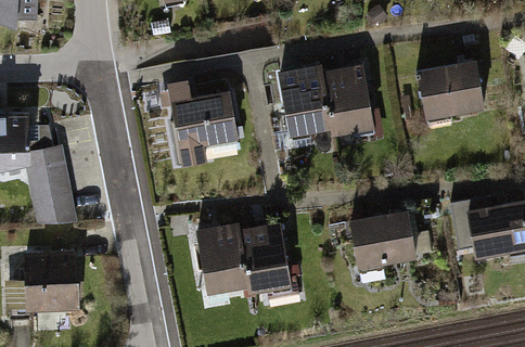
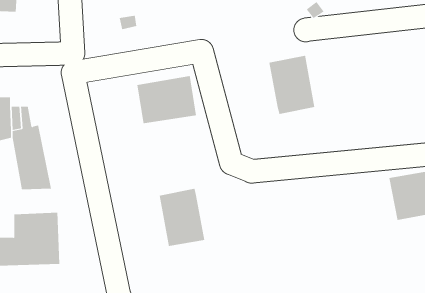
building: [419,60,486,120] -> none
building: [279,67,333,137] -> none
building: [347,210,419,270] -> none
building: [240,222,294,292] -> none

